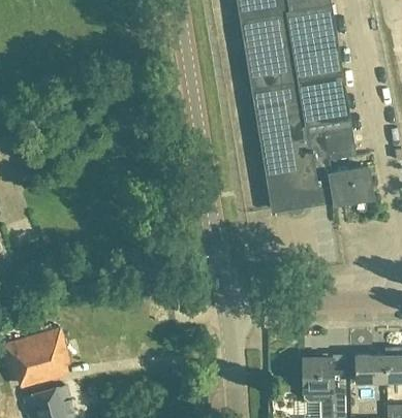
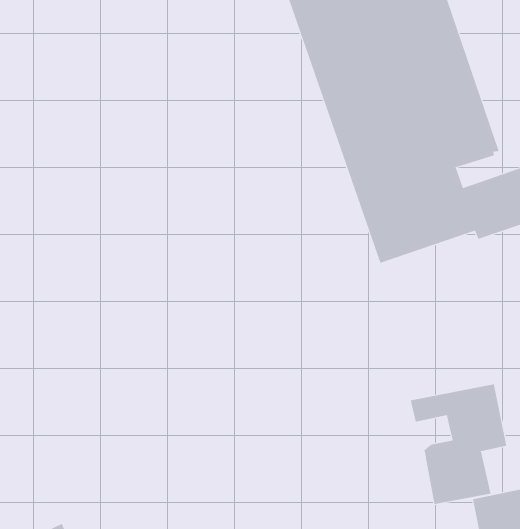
building: none -> [410,383,507,505]

